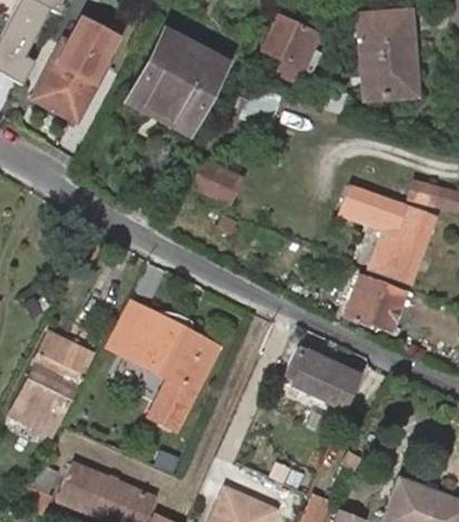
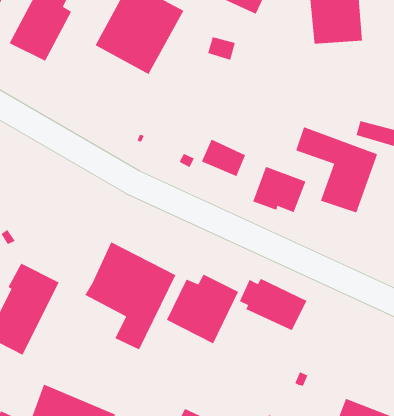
building: [192,161,241,203] -> [201,138,246,177]
building: [348,276,406,327] -> [252,166,306,213]
building: [104,299,147,355] -> none
building: none -> [166,273,239,344]

